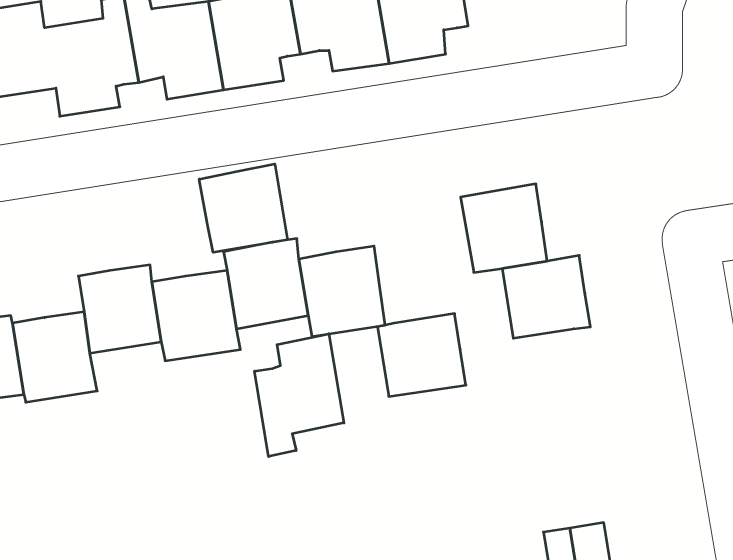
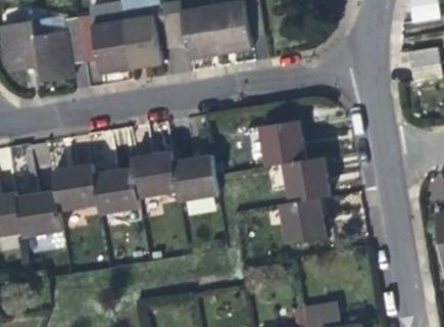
building: [199,164,288,252] -> none
building: [377,314,466,396] -> [279,198,327,243]
building: [255,334,344,457] -> none

